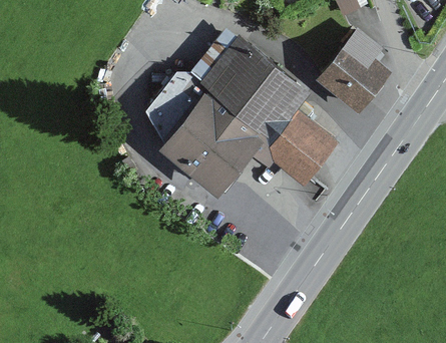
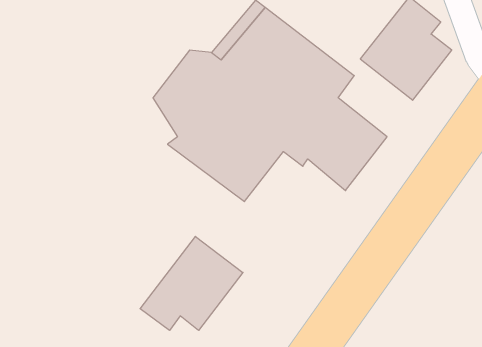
building: none -> [140,236,243,330]

